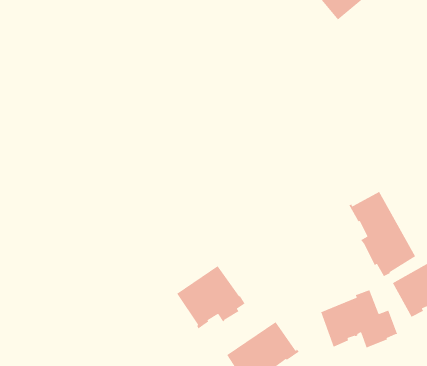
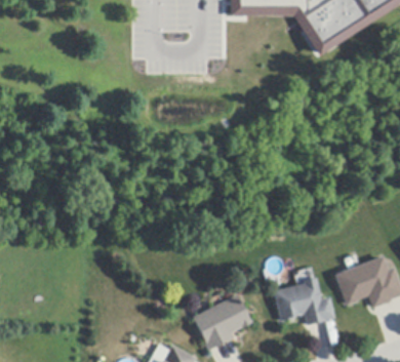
building: [348,191,416,277] -> none
building: [176,265,246,329] -> none

